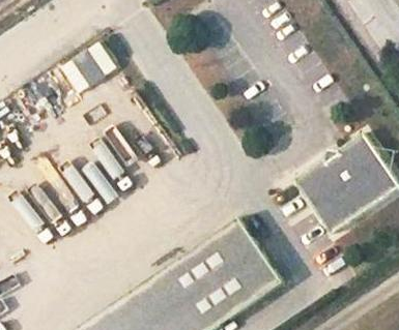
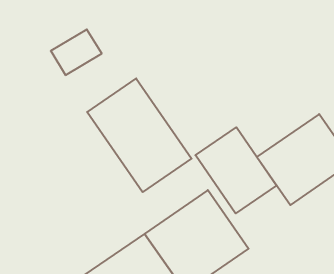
building: none -> [87,78,192,192]
building: none -> [195,127,277,213]

